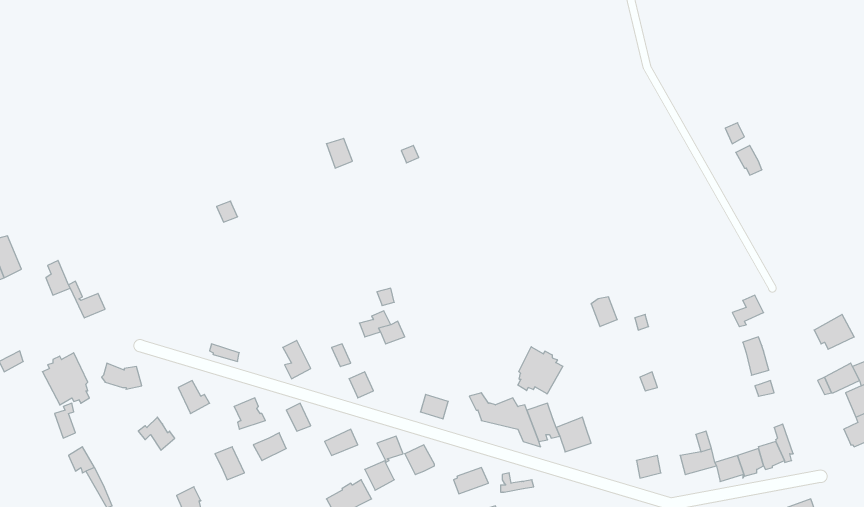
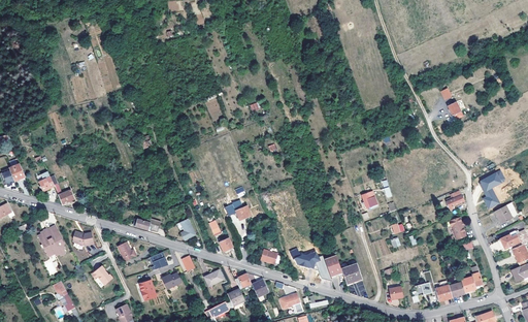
building: none -> [480,169,504,211]
building: [518,347,563,394] -> none

